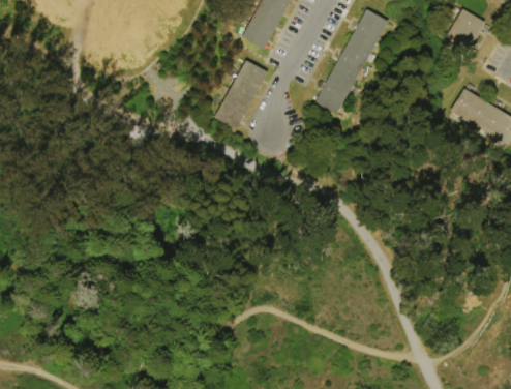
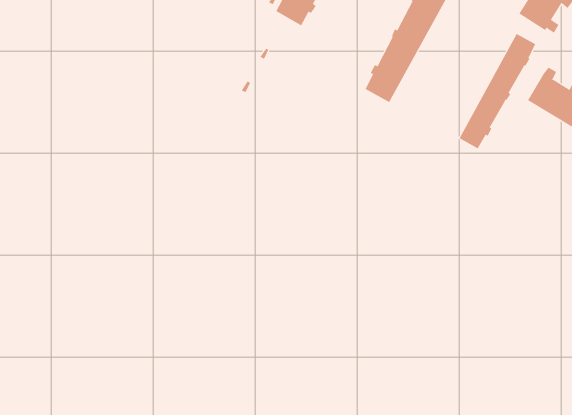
building: none -> [459,33,536,149]
building: [213,61,268,131] -> none

